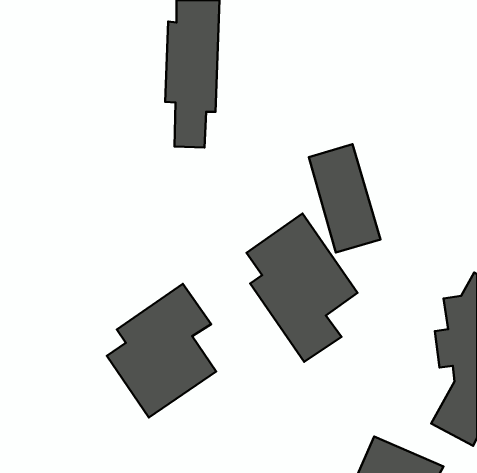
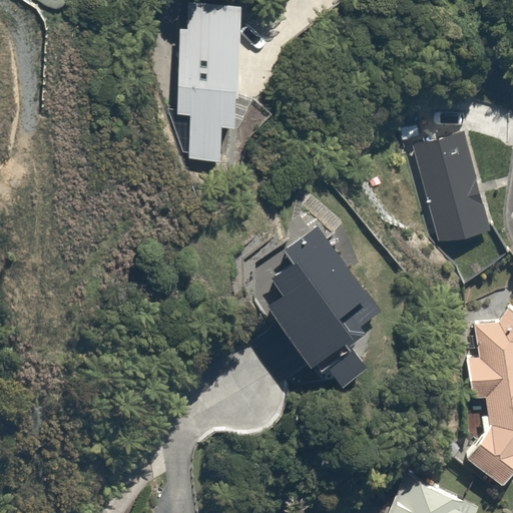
building: [309,144,381,252] -> [413,129,490,245]
building: [107,284,216,417] -> none

